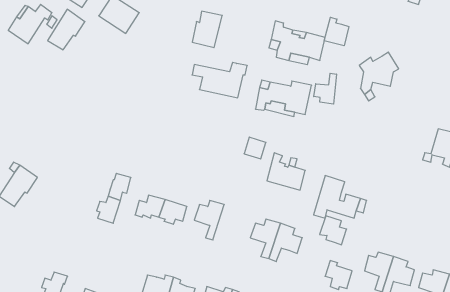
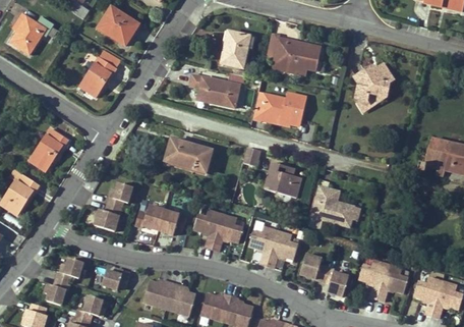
building: [48,9,85,50] -> [80,56,117,96]
building: [192,11,222,48] -> [222,32,251,67]
building: [324,17,349,46] -> none
building: [314,73,336,104] -> none
building: none -> [32,128,69,170]
building: none -> [166,138,213,171]
building: none -> [212,212,243,250]
building: [320,216,347,245] -> [300,254,327,282]
building: none -> [56,257,82,282]
building: none -> [101,268,128,289]

